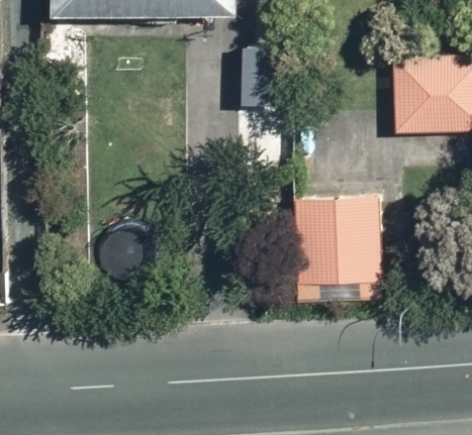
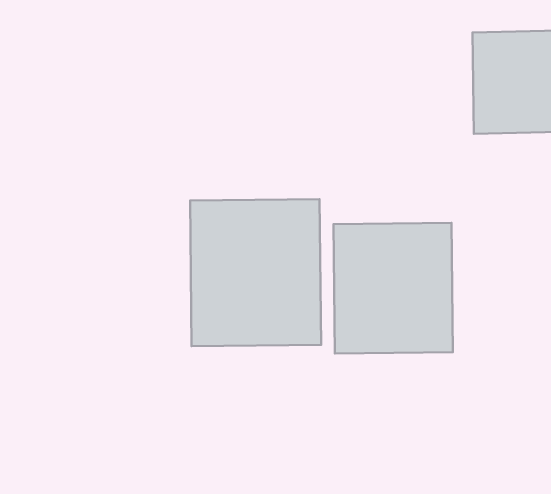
building: none -> [190,199,321,346]

